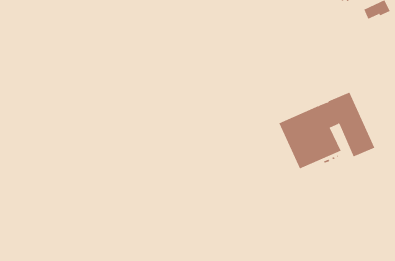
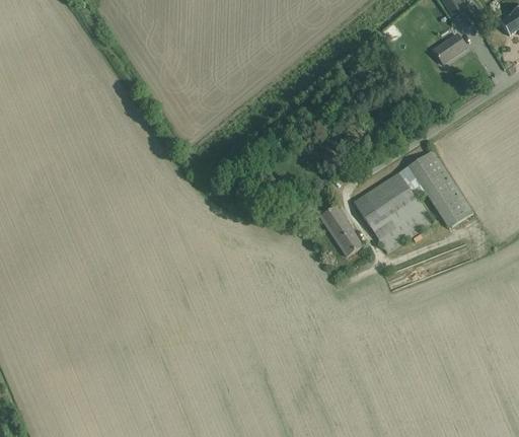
building: none -> [320,206,362,256]

